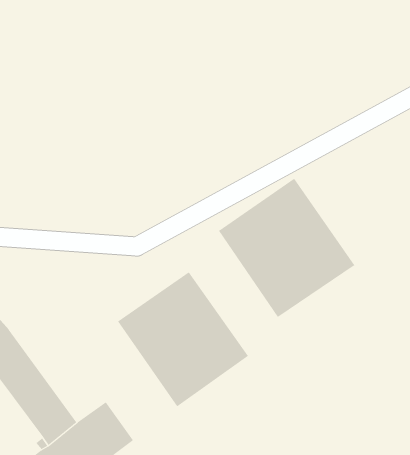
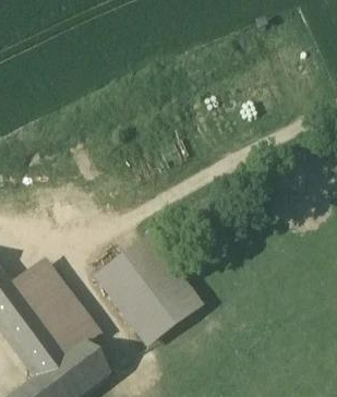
building: [218,178,355,318] -> none
building: none -> [11,258,98,356]

